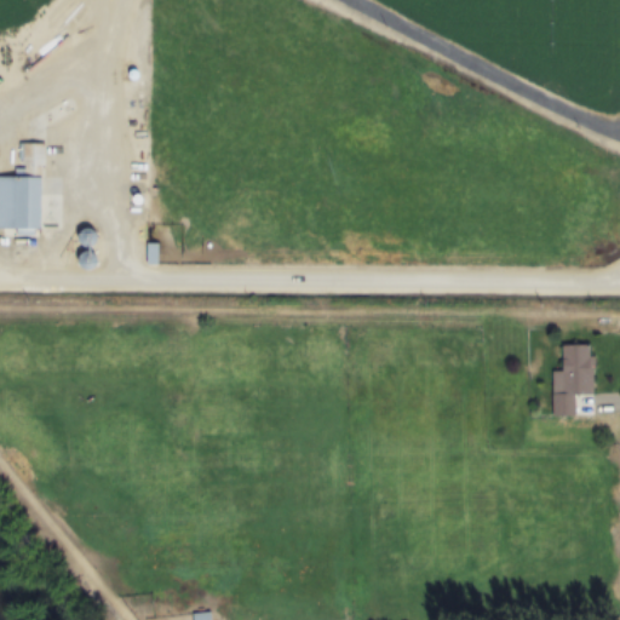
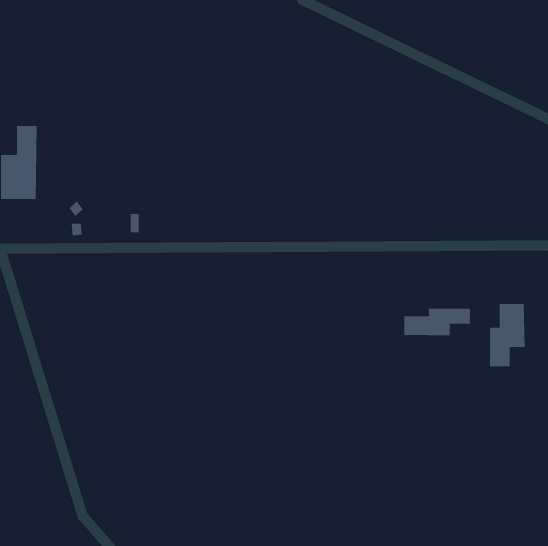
building: none -> [404,308,470,336]

